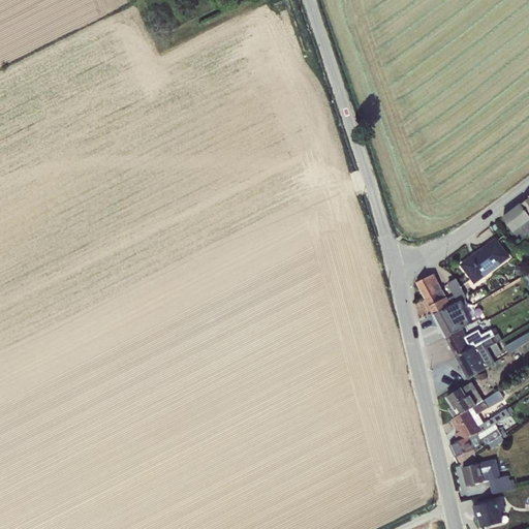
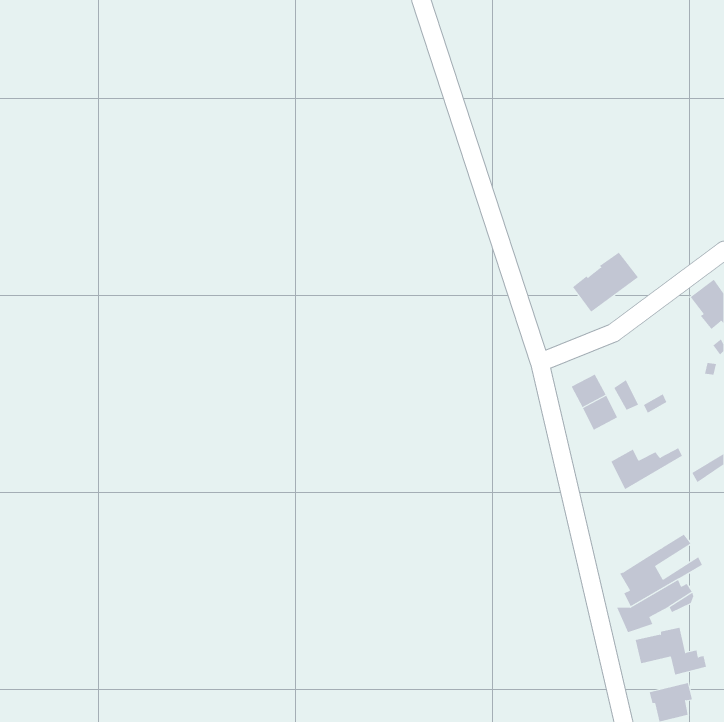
building: [461,239,509,283] -> [572,252,639,313]
building: [433,300,470,337] -> none
building: [456,333,501,378] -> none
building: [447,381,483,417] -> none

